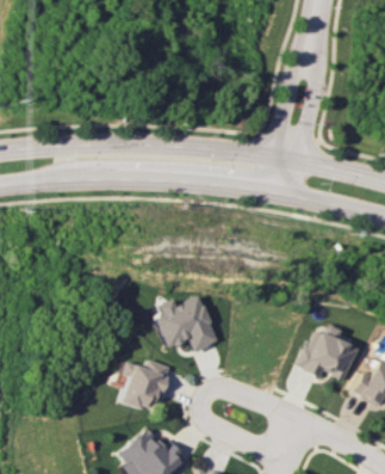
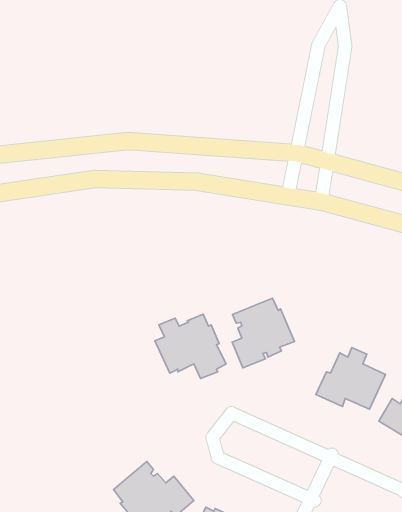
building: none -> [232,298,294,368]
building: [118,359,168,410] -> none

